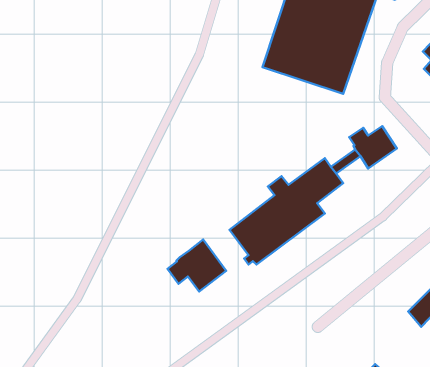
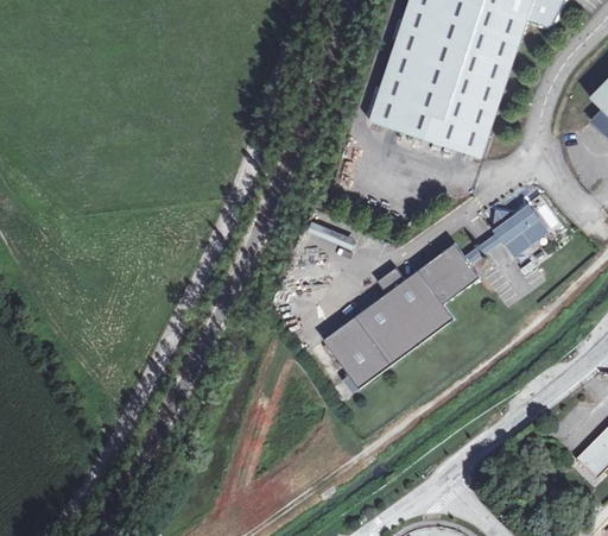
building: [167,240,226,292] -> none

